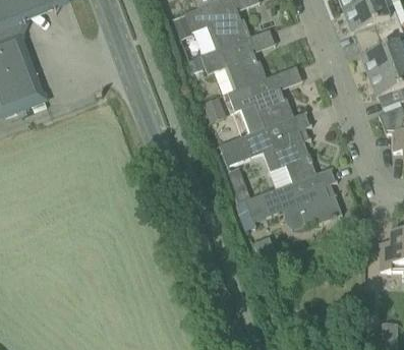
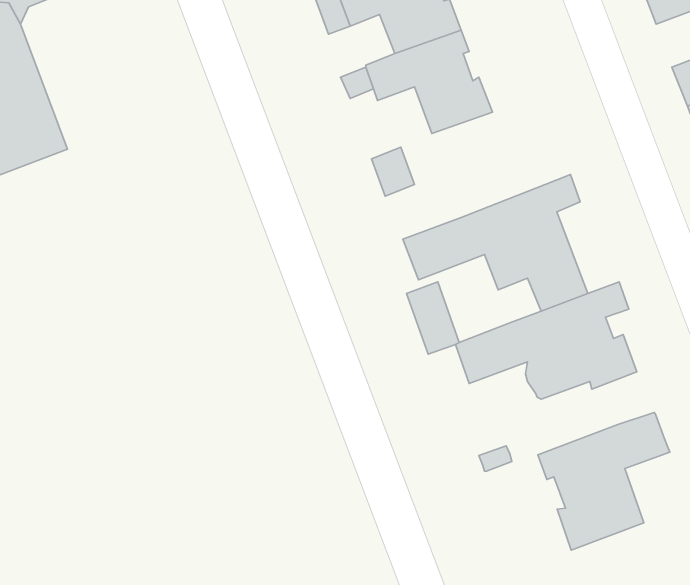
building: [227,73,293,133] -> none
building: none -> [538,413,670,550]

